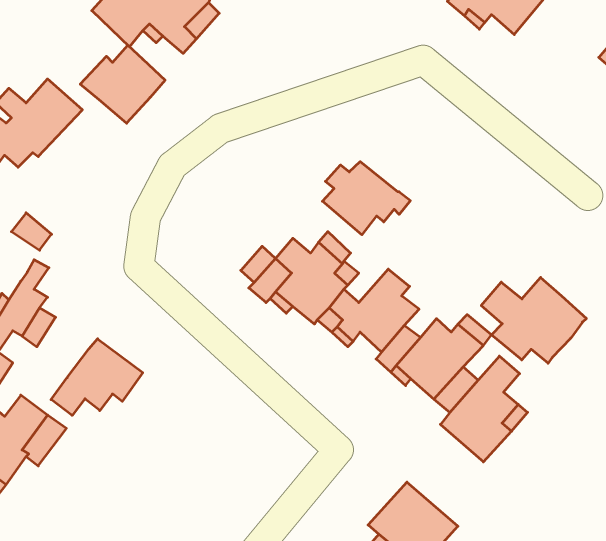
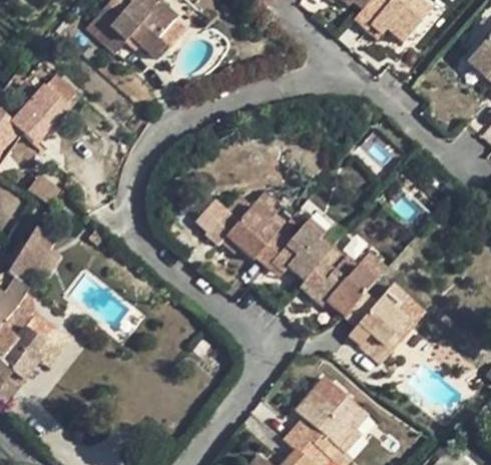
building: [80,45,165,123] -> none
building: [322,162,410,235] -> none
building: [481,277,586,363] -> none
building: [51,339,143,415] -> none

